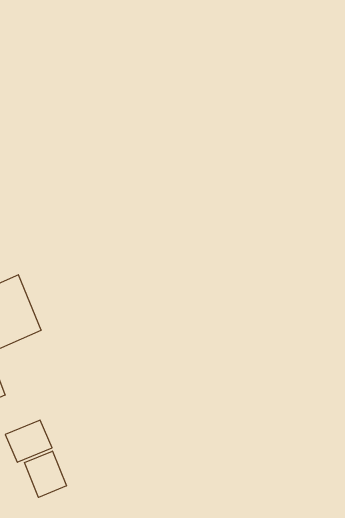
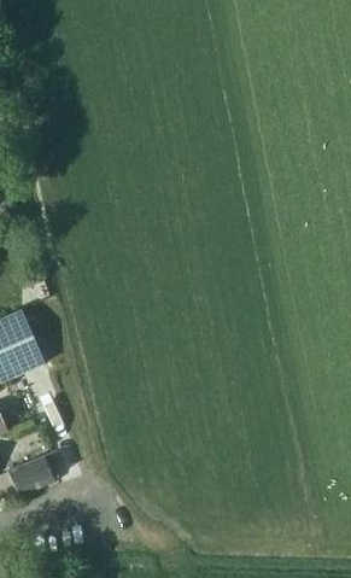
building: [24,451,66,497] -> none

